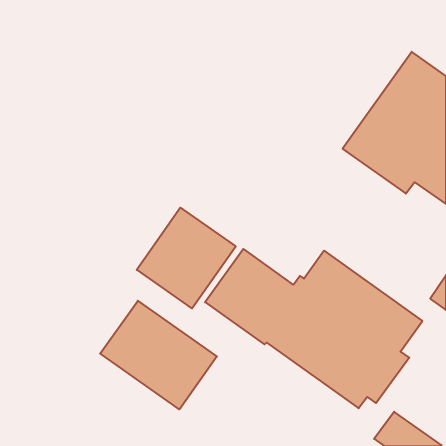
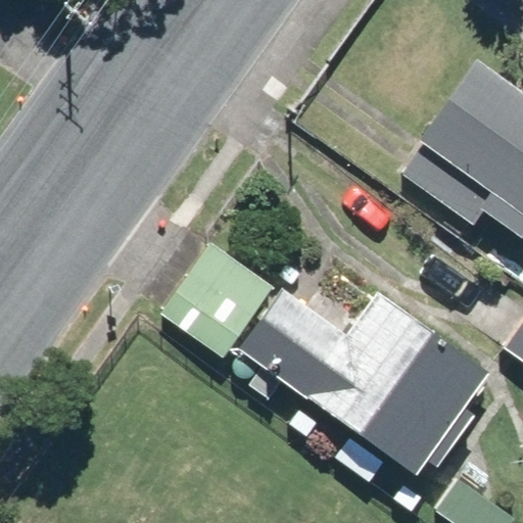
building: [100,301,217,409] -> none

